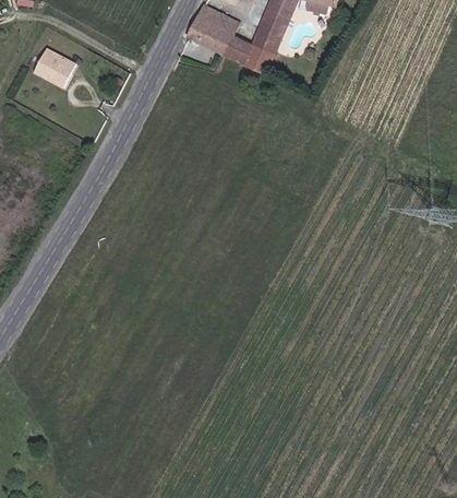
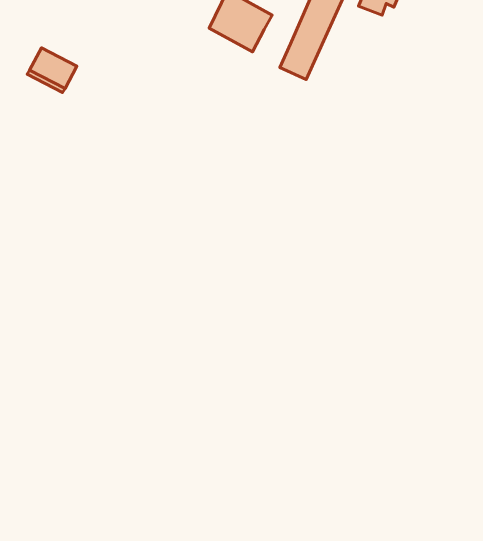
building: [220,32,252,63] -> none

